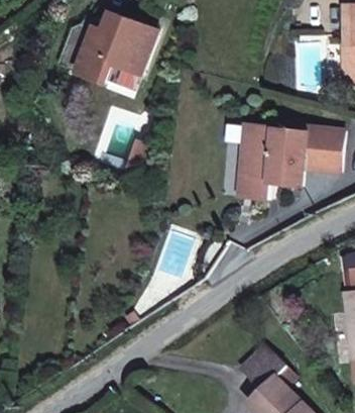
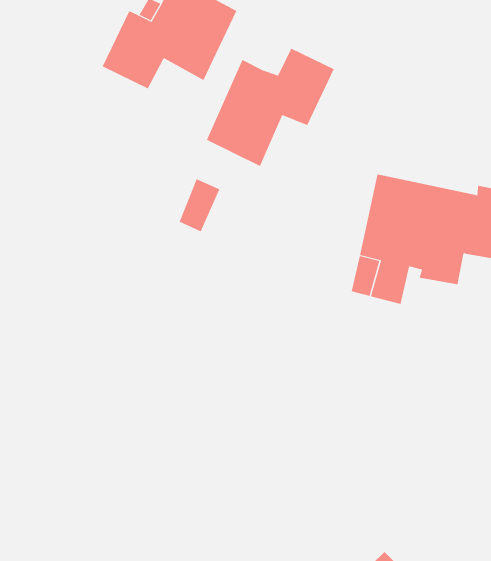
building: none -> [206,48,335,167]

